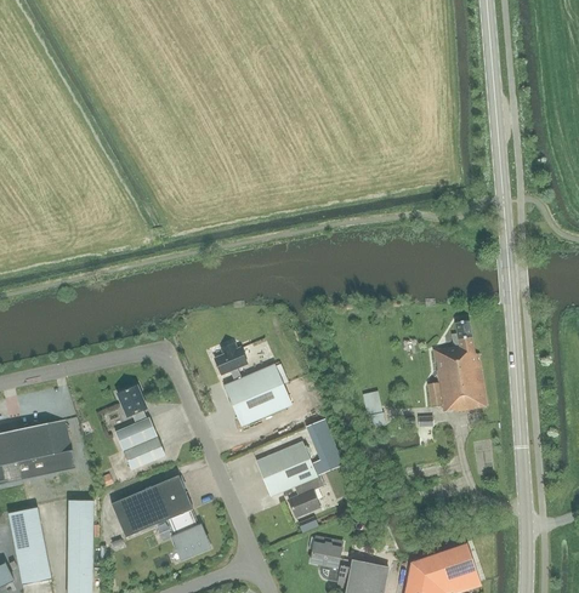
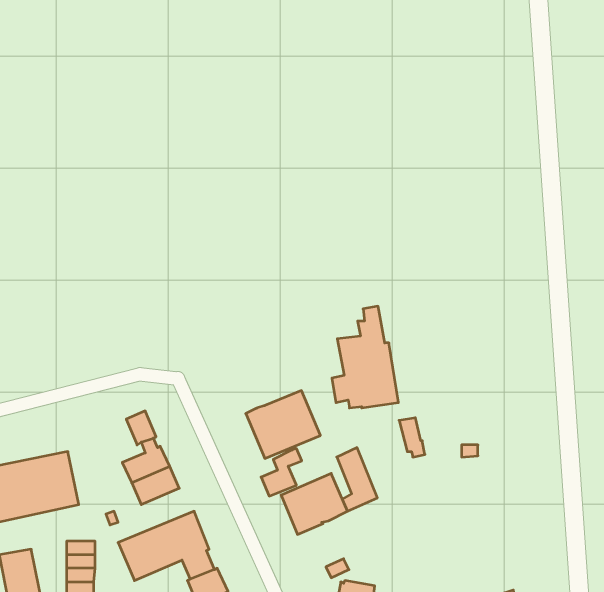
building: [428,319,488,410] -> [332,306,398,408]
building: [216,344,248,382] -> none
building: [289,473,325,515] -> [261,449,302,496]

